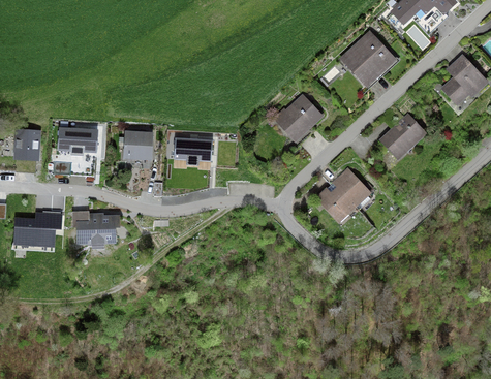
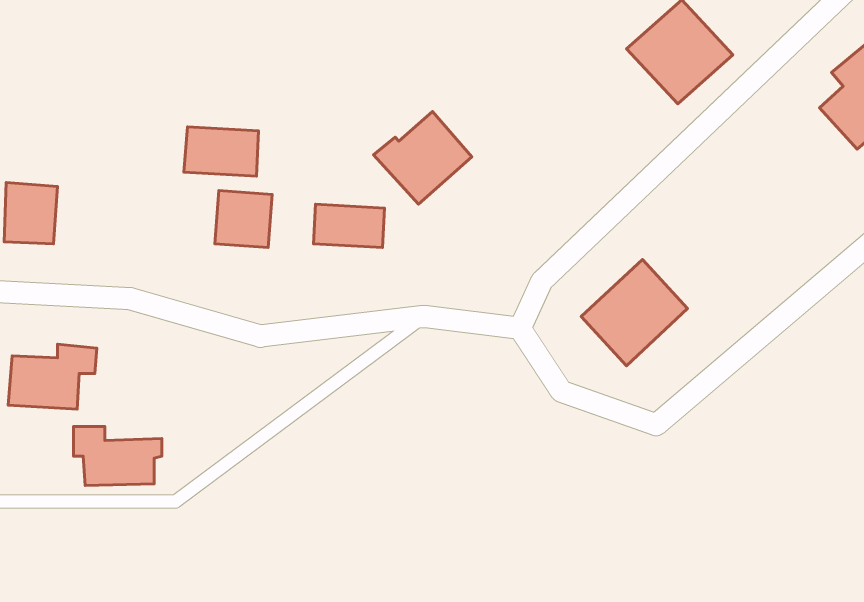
building: [272,94,324,143] -> [373,111,472,204]
building: [379,114,427,160] -> none
building: [58,128,97,154] -> [184,127,259,176]
building: [71,210,118,241] -> [73,427,162,486]

